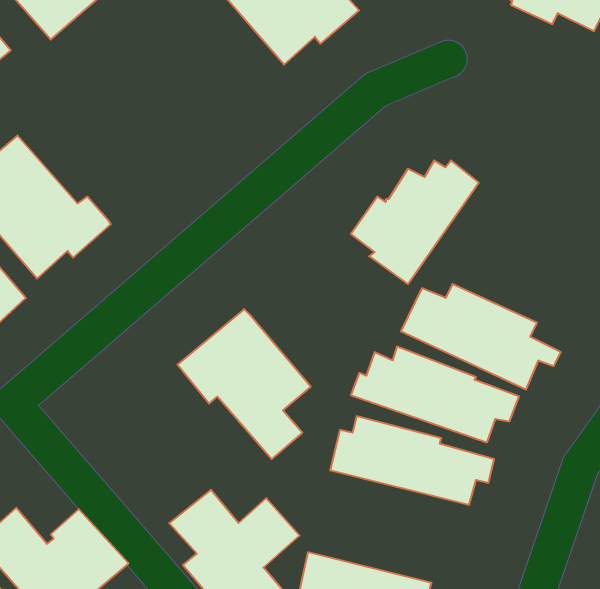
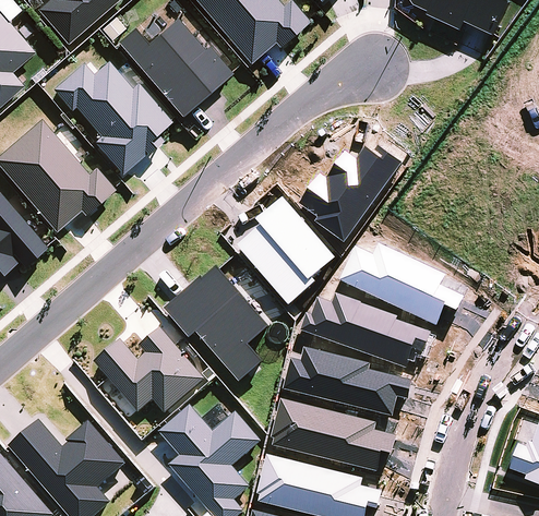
building: none -> [112,23,229,122]
building: none -> [49,64,169,179]
building: none -> [239,193,337,302]
building: none -> [93,325,203,411]
building: none -> [271,396,396,469]

